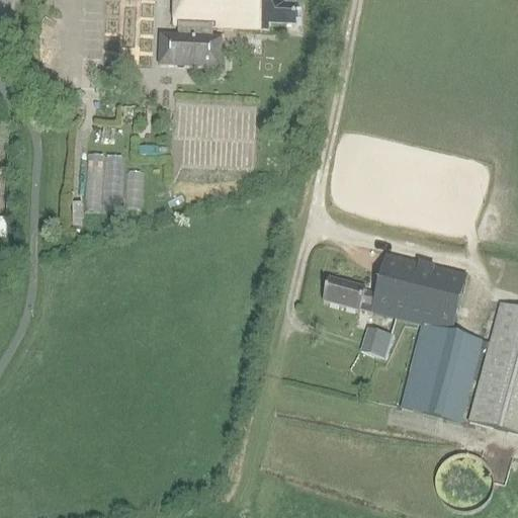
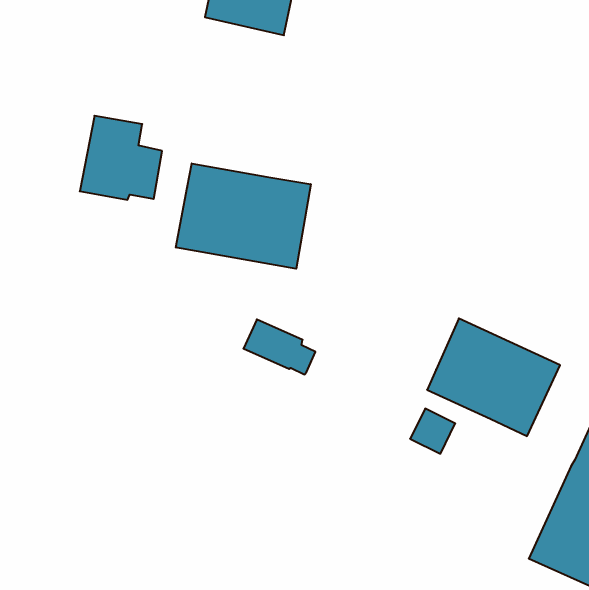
building: none -> [176,163,311,269]
building: [322,276,375,311] -> [243,319,315,374]
building: [401,322,490,422] -> none

